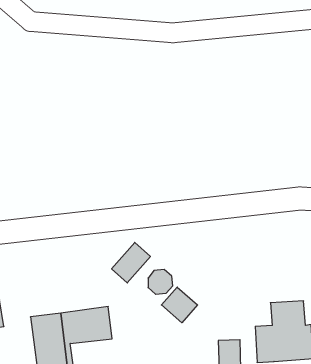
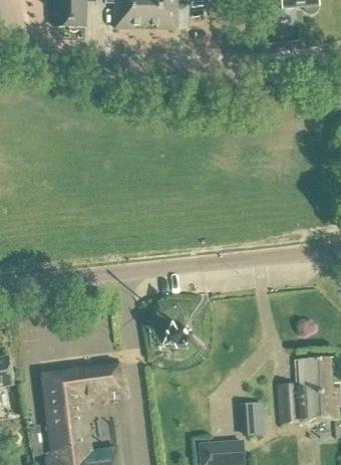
building: [112,242,150,283] -> none
building: [161,287,198,323] -> none

